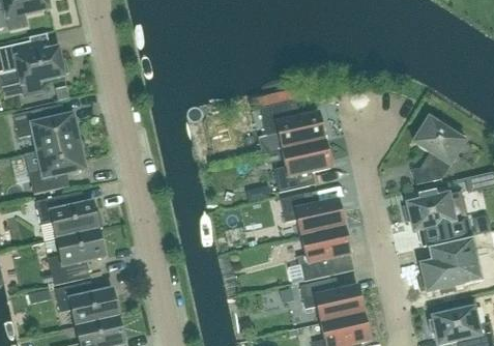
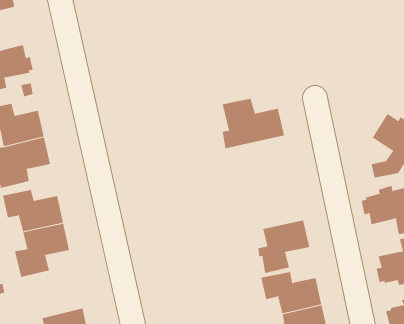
building: [273,140,330,192] -> none
building: [281,192,344,235] -> none
building: [55,282,118,326] -> none

